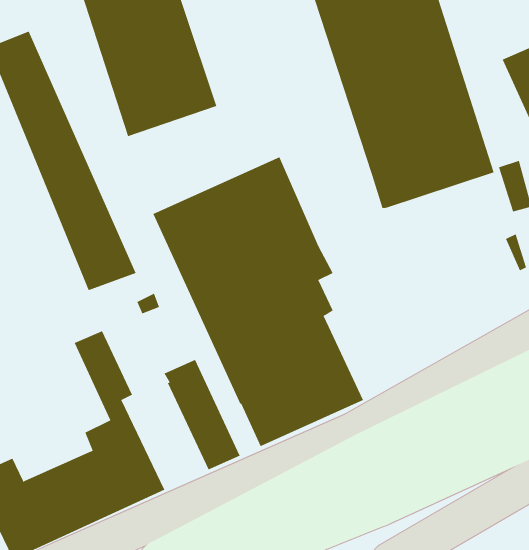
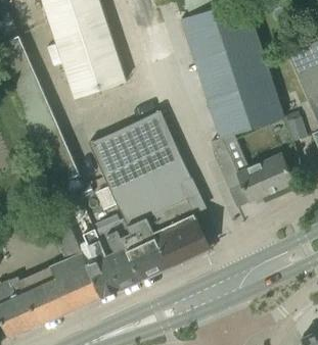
building: none -> [211,139,296,203]
building: none -> [72,230,121,299]

